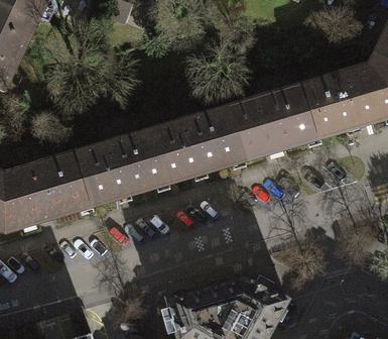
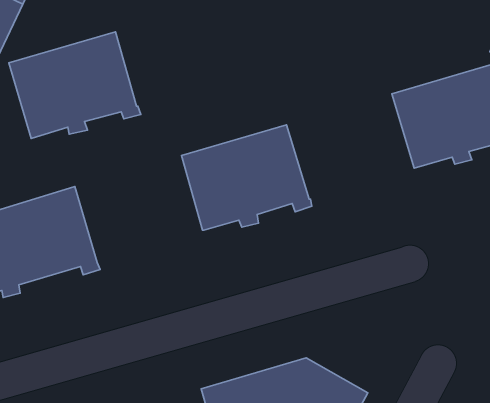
building: [229,86,322,161] -> none
building: [77,130,171,207] -> [9,32,141,138]

